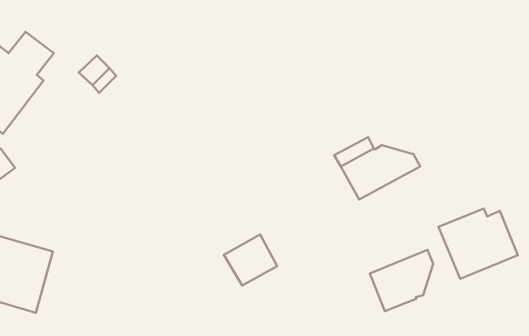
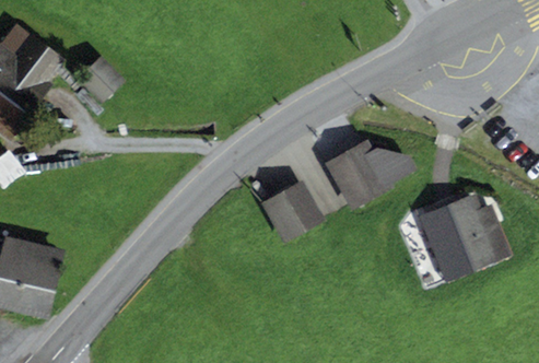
building: [224,234,277,285] -> [267,186,318,235]
building: [370,250,433,311] -> none

